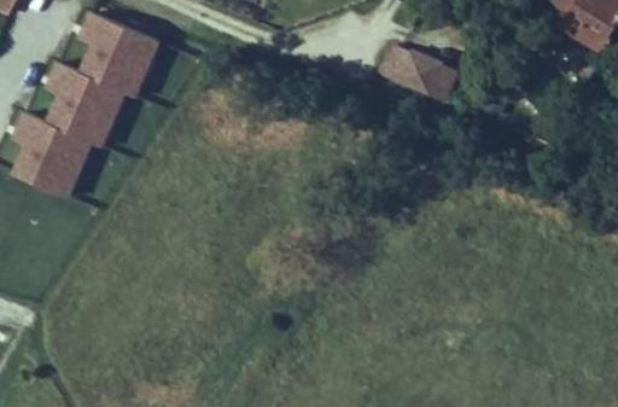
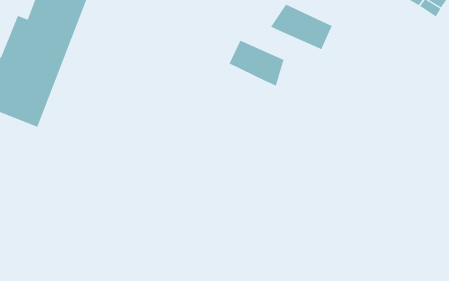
building: none -> [229,40,284,87]

